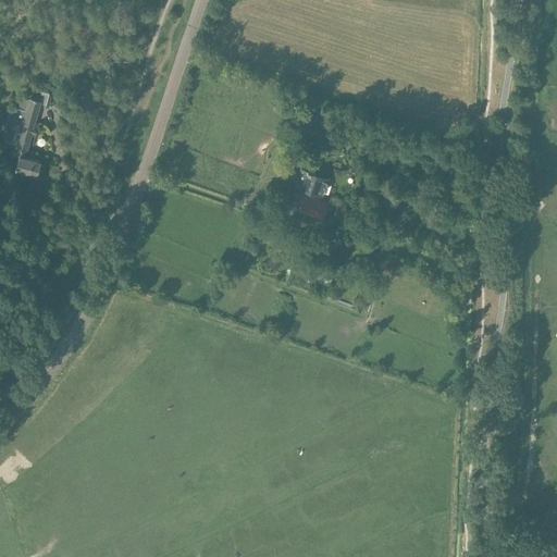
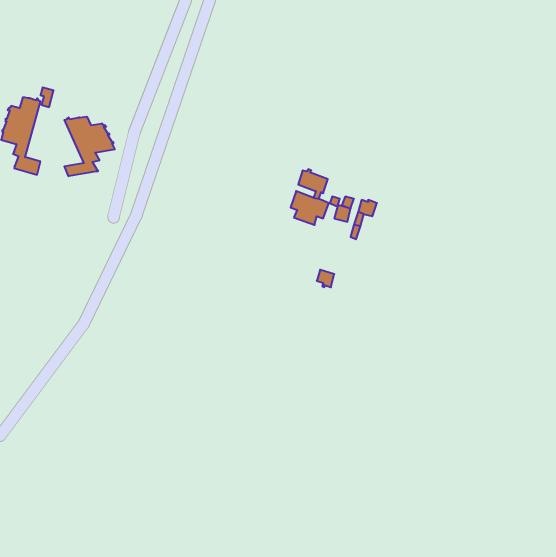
building: none -> [64,117,115,176]

